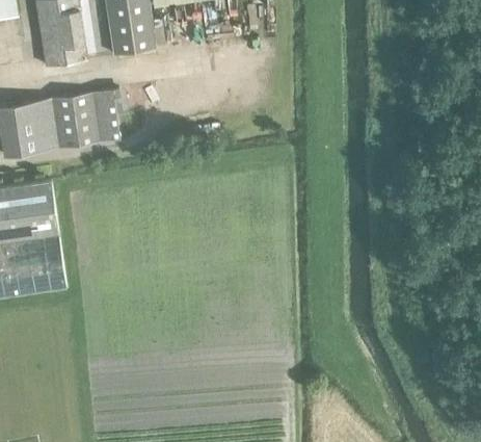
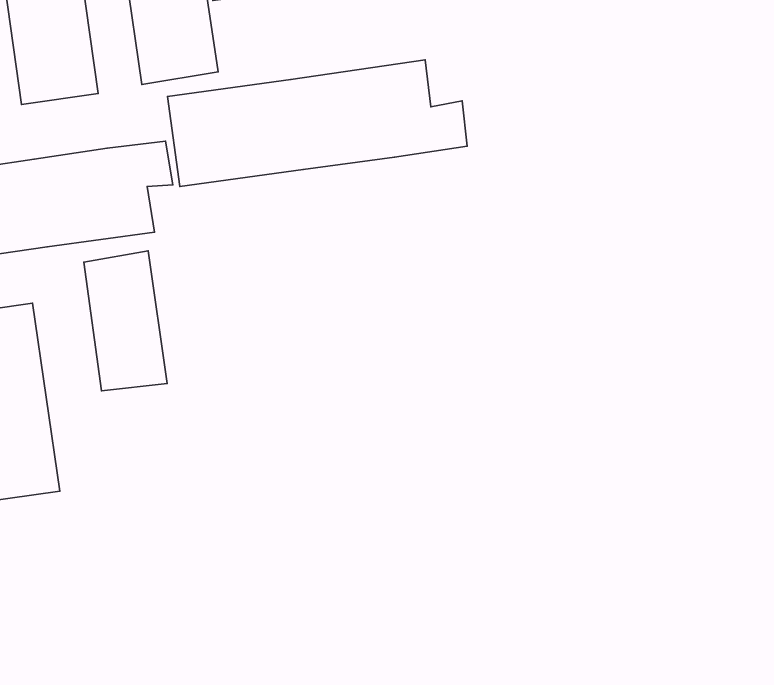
building: none -> [167,60,467,186]
building: none -> [84,251,167,391]

